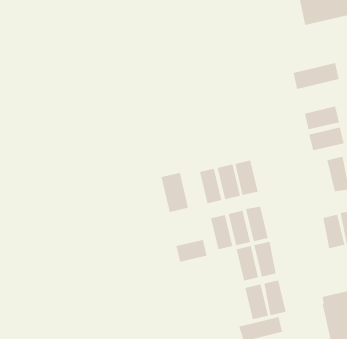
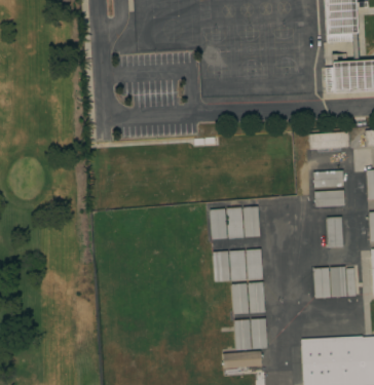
building: [161,172,189,213] -> none
building: [176,239,207,263] -> none

